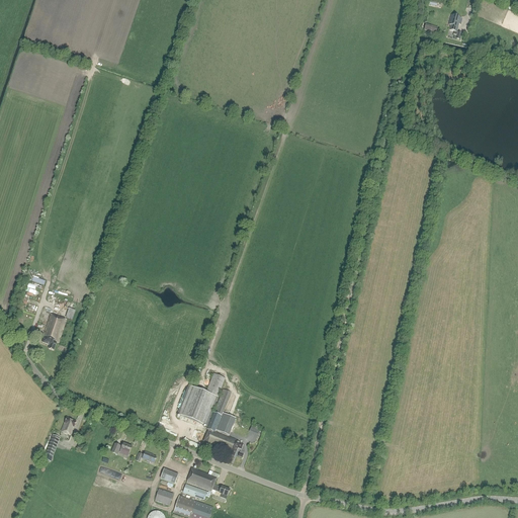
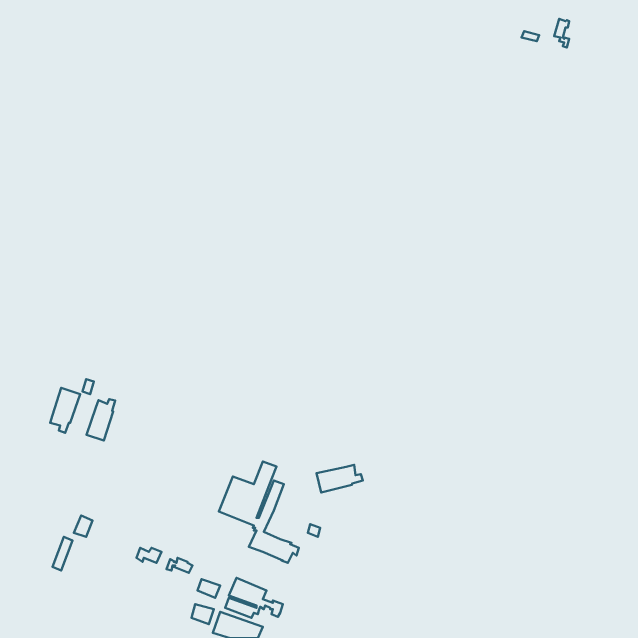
building: none -> [86,399,115,441]
building: none -> [317,465,363,492]

